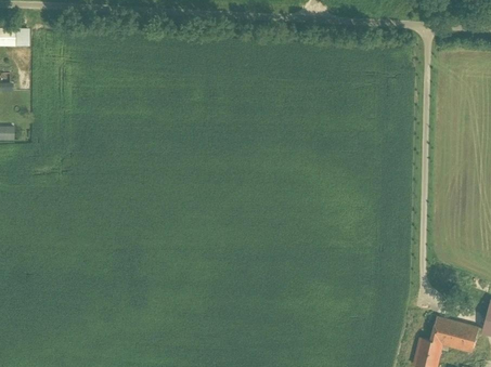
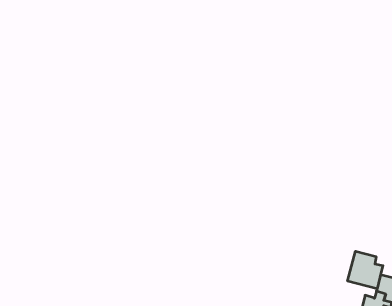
building: none -> [348,251,383,289]

